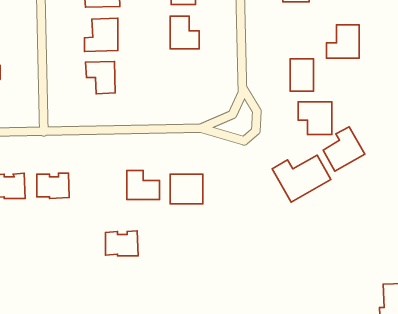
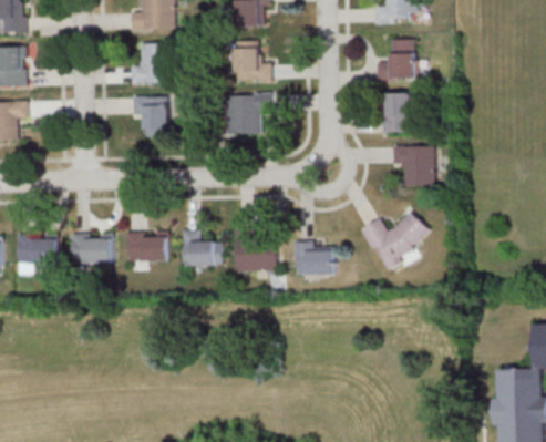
building: [327,25,359,58] -> [375,39,415,80]
building: none -> [225,92,271,135]
building: [323,127,365,171] -> none
building: none -> [293,241,333,275]
building: [106,231,138,256] -> [126,232,166,263]

